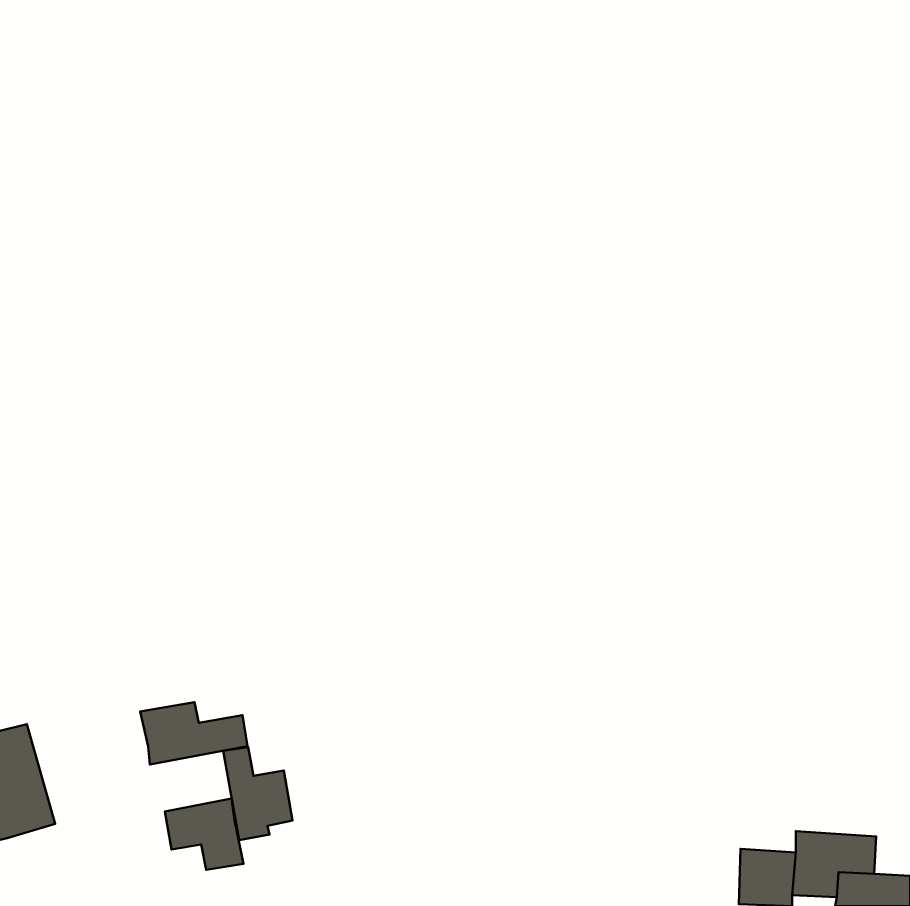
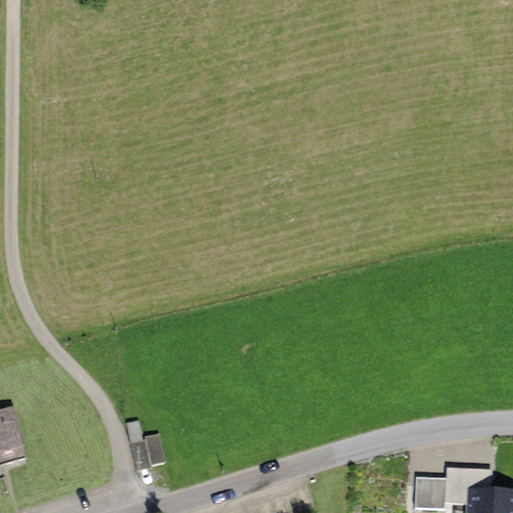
building: [140,702,248,765] -> none
building: [165,798,243,870] -> none

